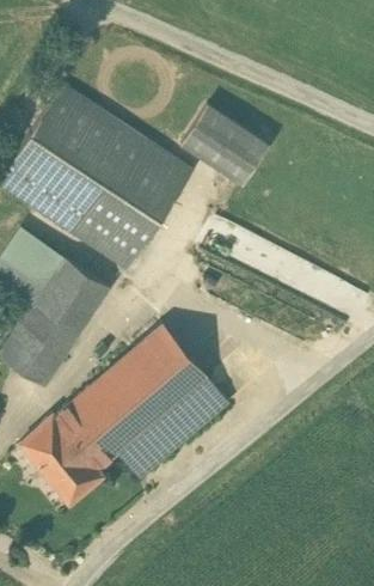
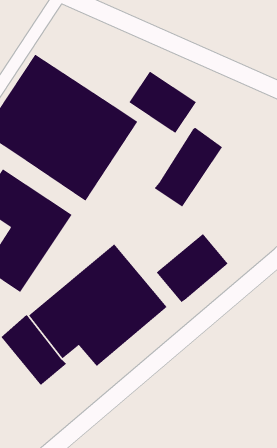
building: none -> [154,127,223,208]
building: none -> [156,233,229,303]

